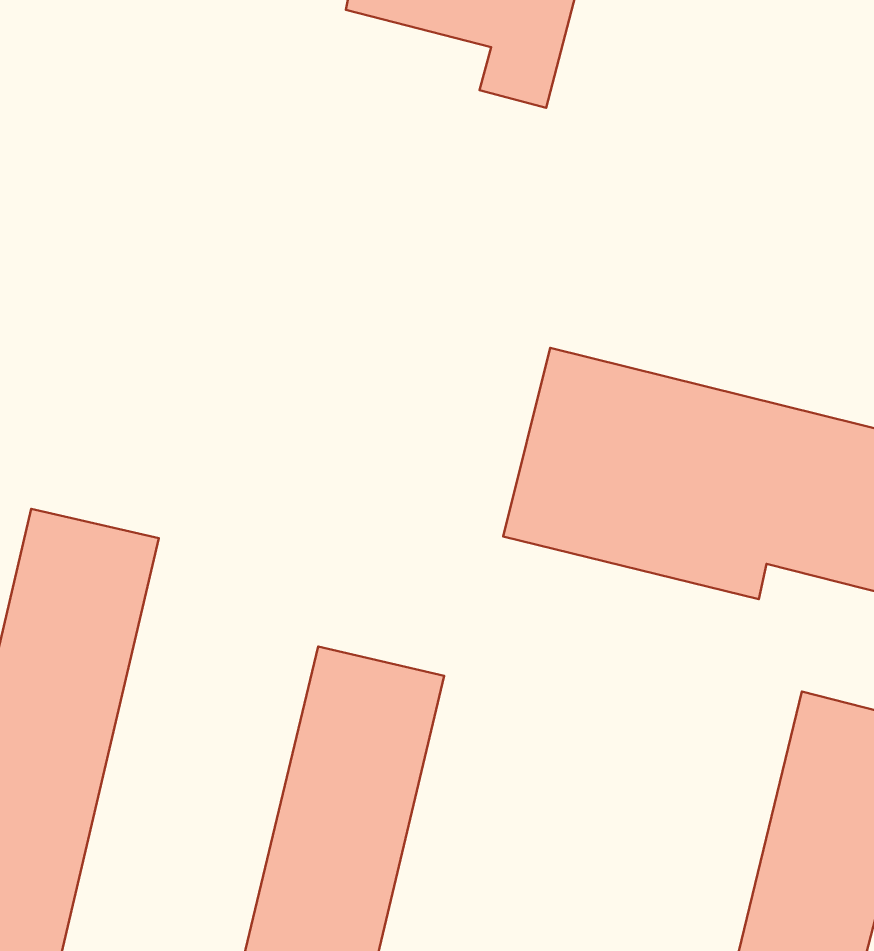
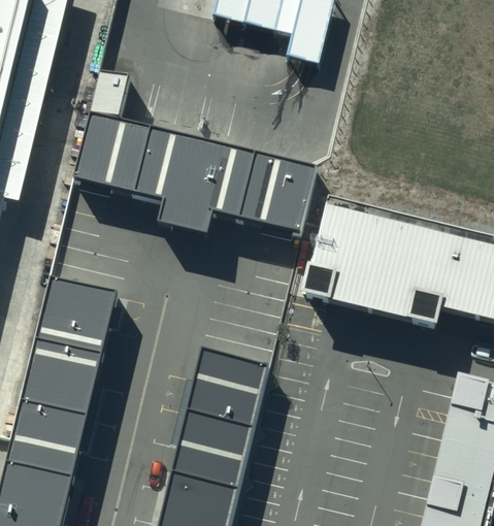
building: none -> [79,114,319,236]

